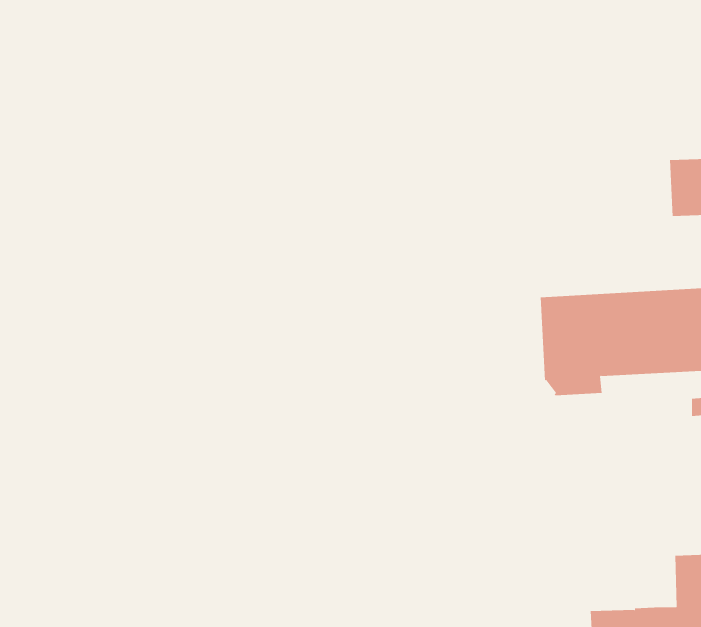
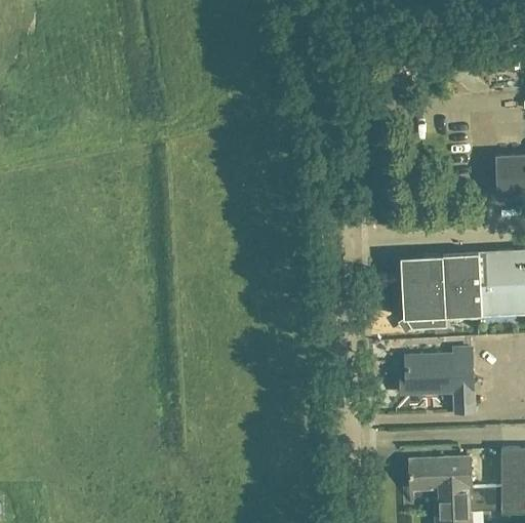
building: none -> [401,350,474,414]
building: none -> [408,457,471,491]

